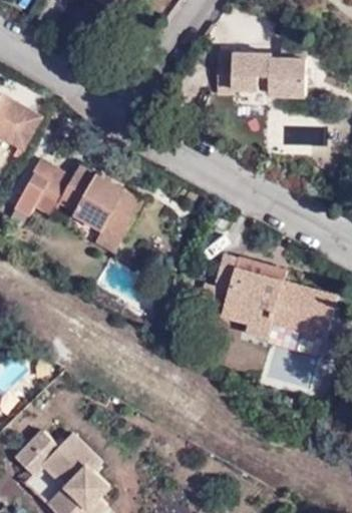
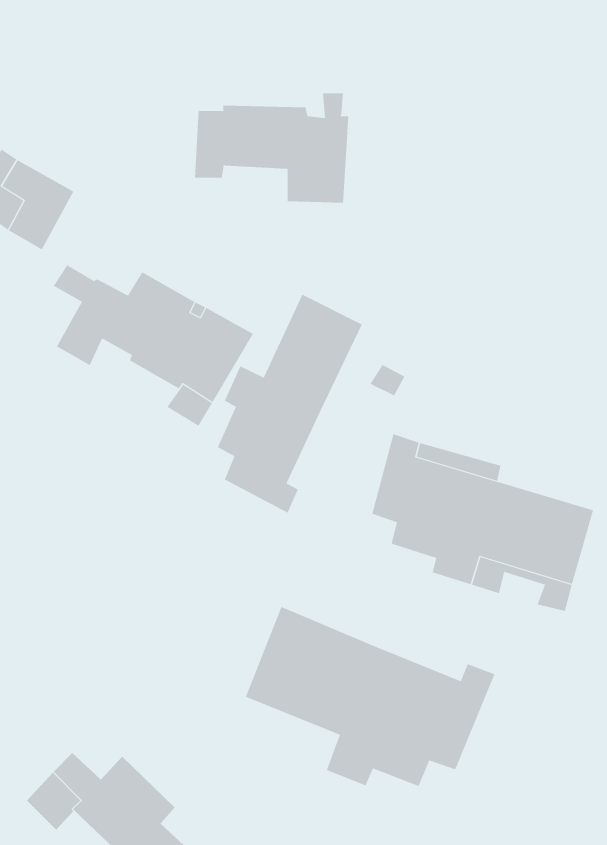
building: [217,46,304,108] -> [194,93,349,203]
building: none -> [217,294,362,514]
building: none -> [245,606,495,787]

